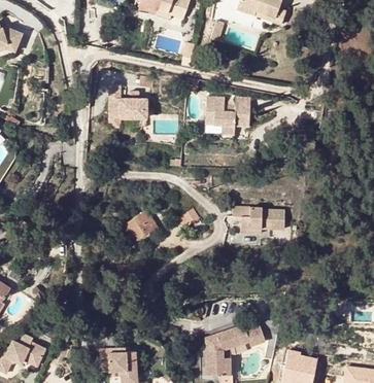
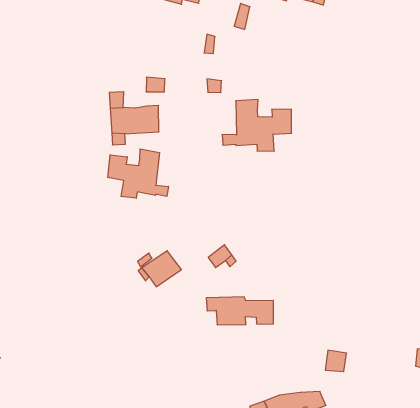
building: none -> [108,149,168,198]
building: [232,205,284,229] -> [206,297,273,325]

